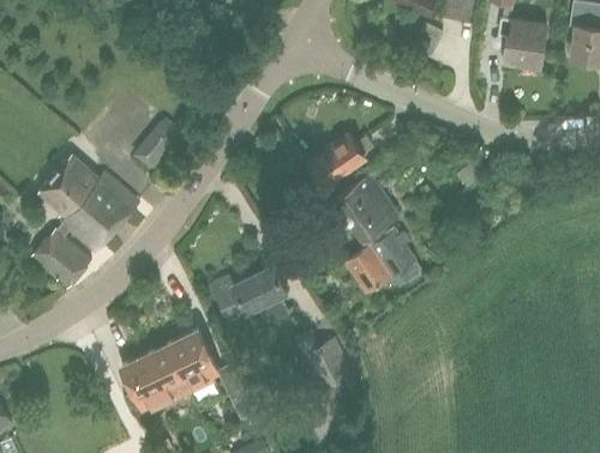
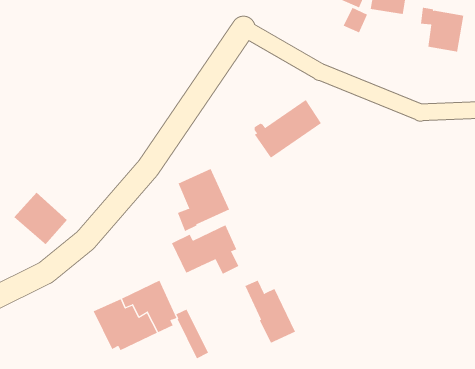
building: [133,115,185,170] -> none
building: [38,155,137,252] -> none
building: [332,173,400,242] -> none
building: none -> [177,168,230,232]
building: [344,226,424,294] -> none

